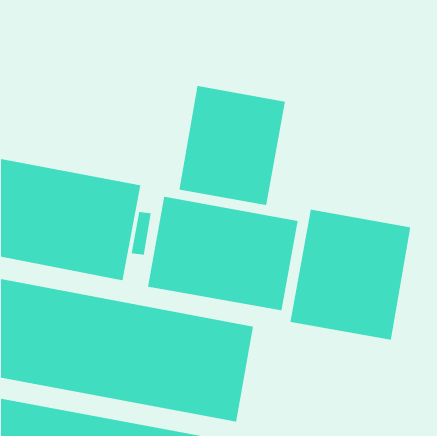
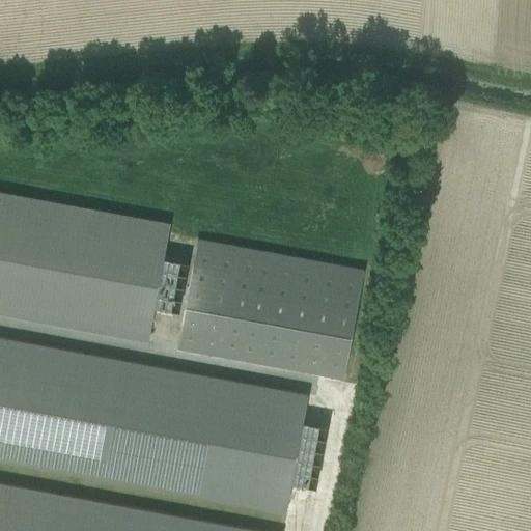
building: [179,85,286,206] -> none
building: [290,209,411,341] -> none

